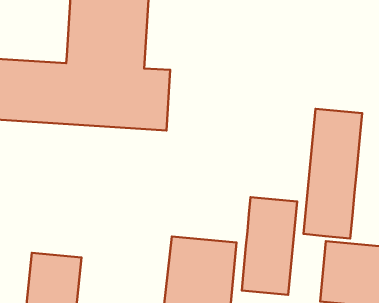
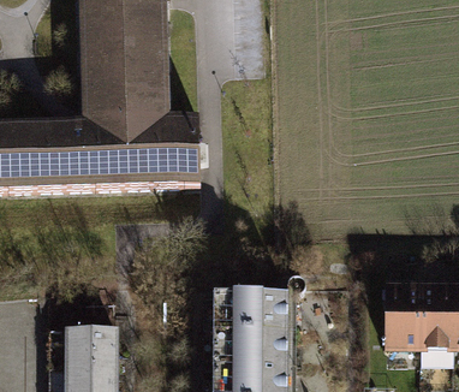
building: [304,109,362,238] -> none
building: [242,197,297,295] -> none

